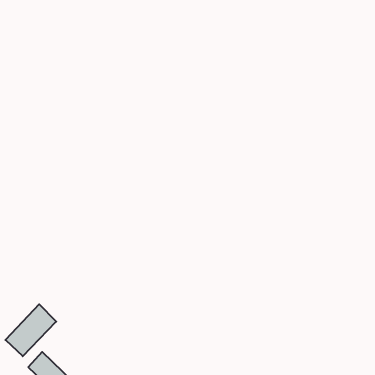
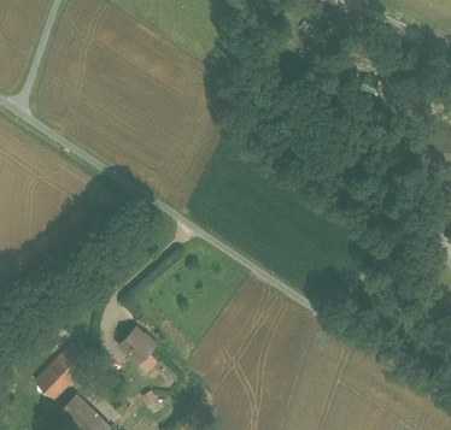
building: none -> [121,328,157,363]

